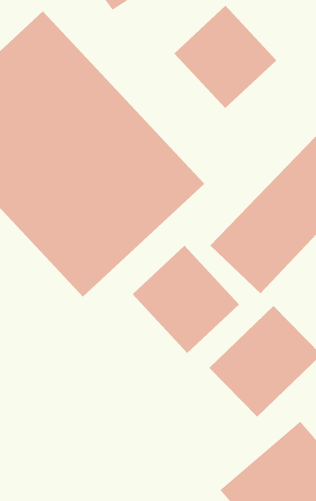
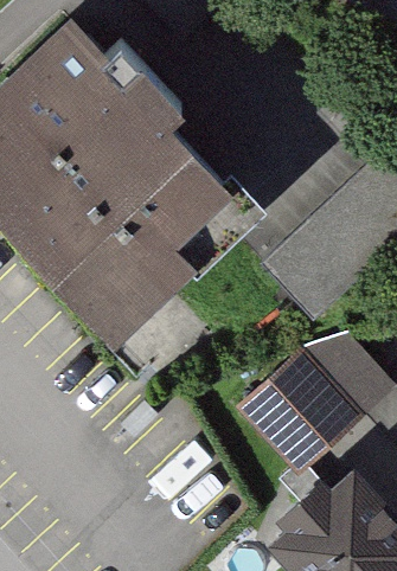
building: [173,5,277,109] -> none
building: [132,245,240,354] -> none

